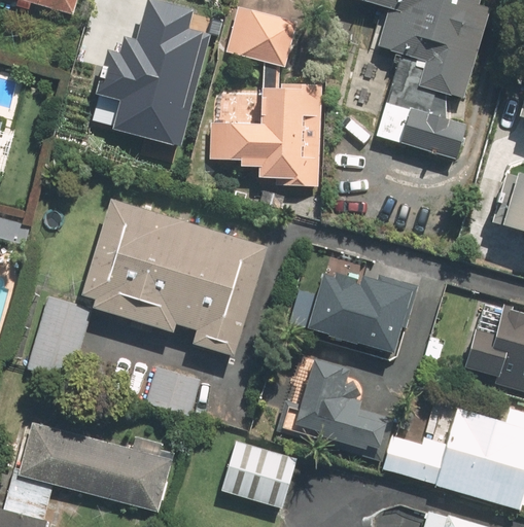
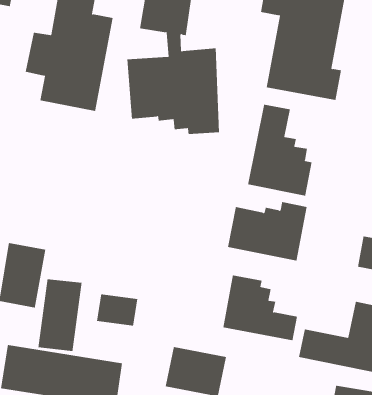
building: none -> [248,104,312,196]
building: [84,202,268,357] -> none
building: none -> [38,278,82,352]

